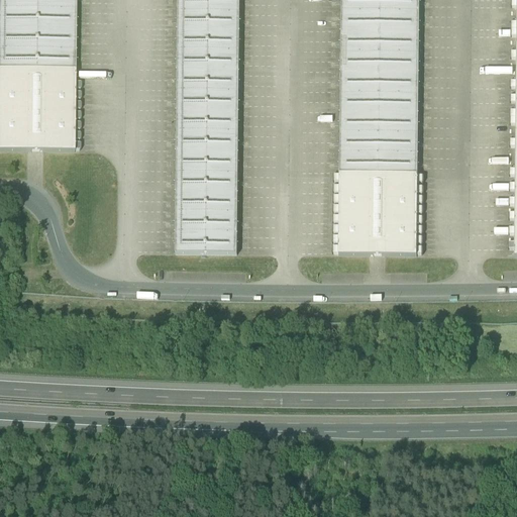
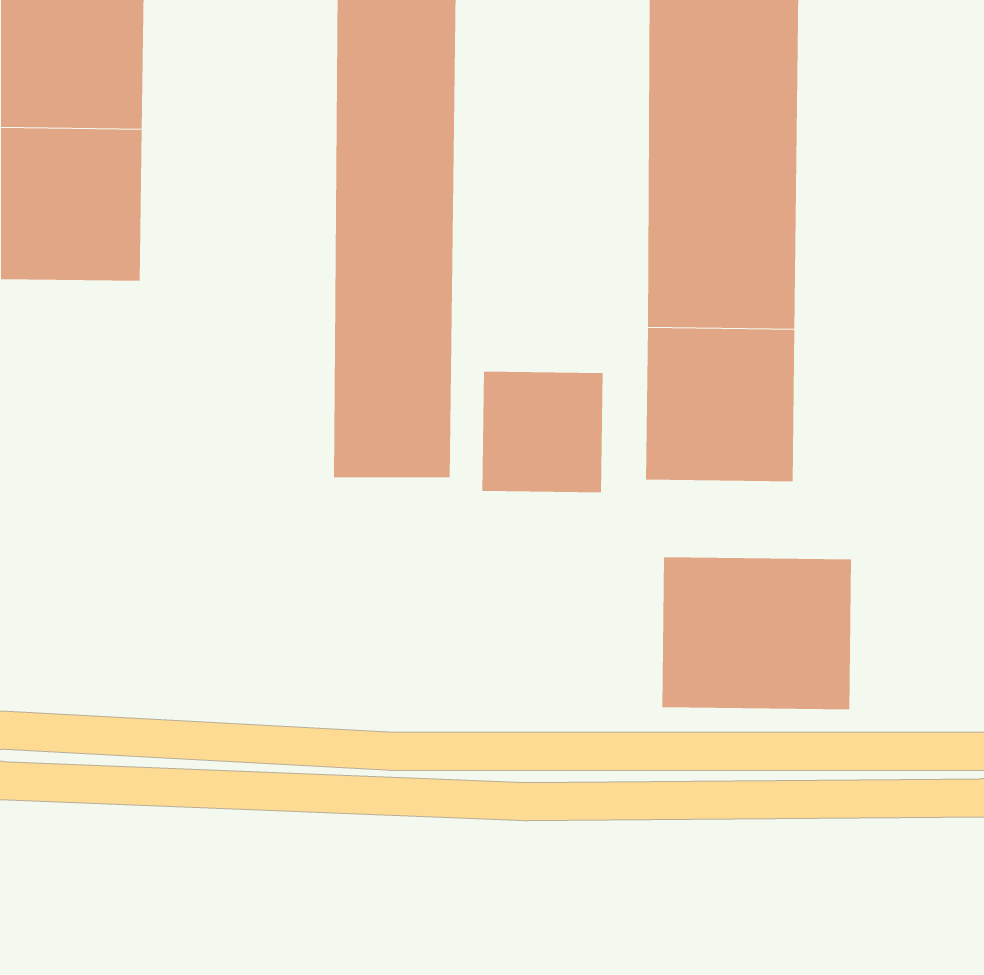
building: none -> [482,371,603,493]
building: none -> [662,557,852,710]

